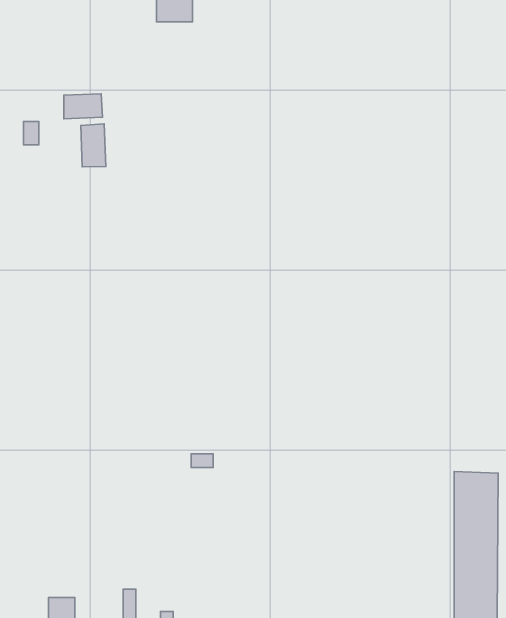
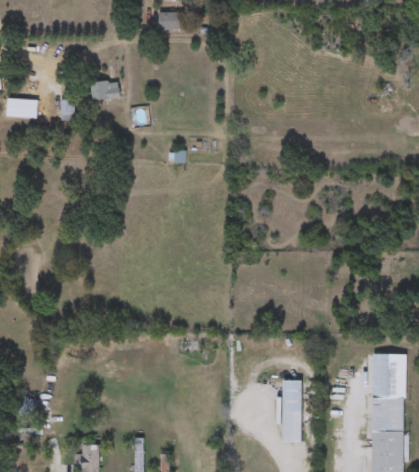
building: [81,124,106,167] -> none
building: none -> [281,380,300,442]

